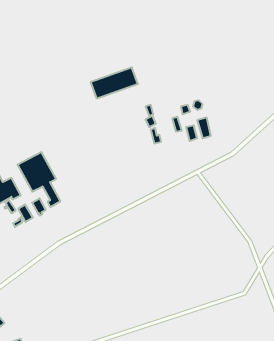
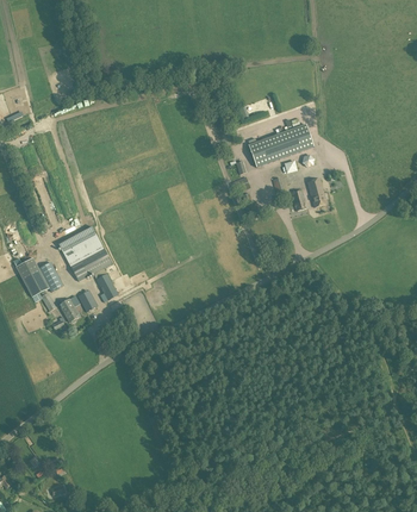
building: [91,67,138,98] -> [247,121,312,164]

